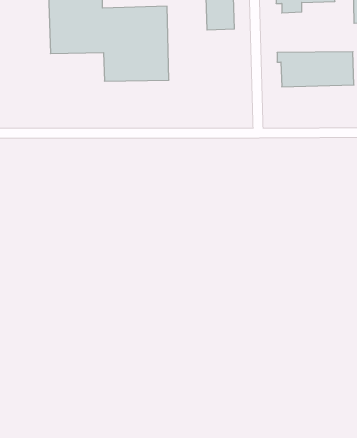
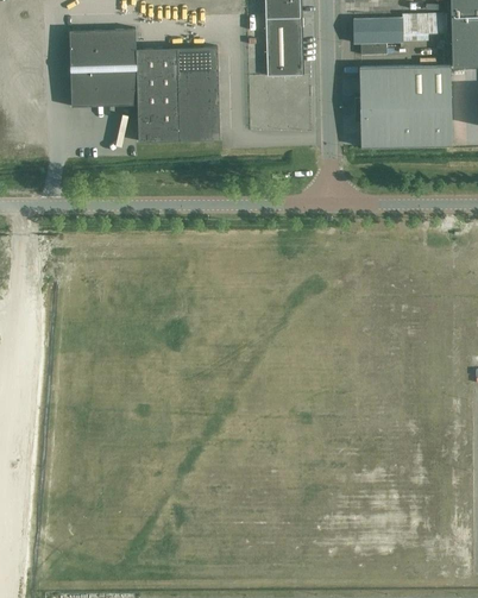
building: none -> [356,64,451,105]

